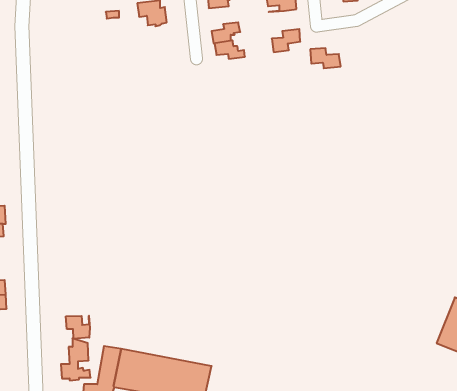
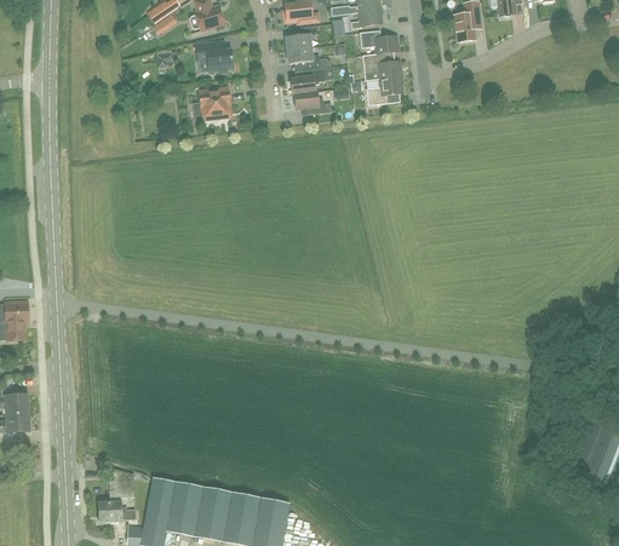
building: none -> [286,47,331,70]
building: none -> [199,88,229,116]
building: [310,48,341,68] -> [362,53,401,79]
building: [66,316,90,339] -> none

